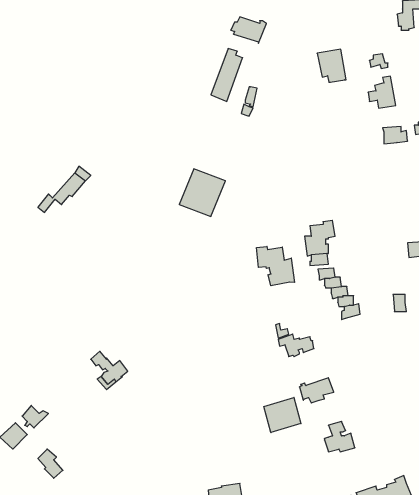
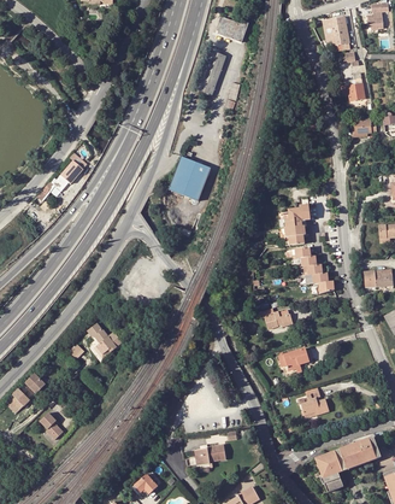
building: [317,49,346,82] -> [323,16,349,46]
building: [257,246,294,286] -> none
building: [264,397,301,433] -> none

